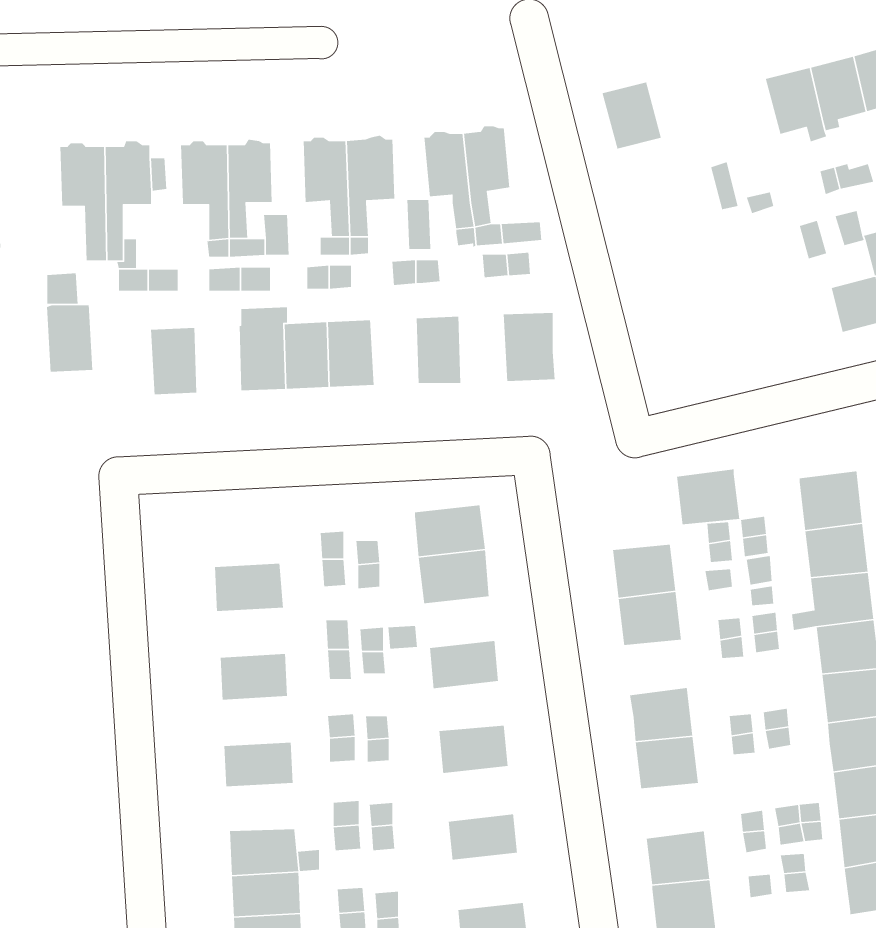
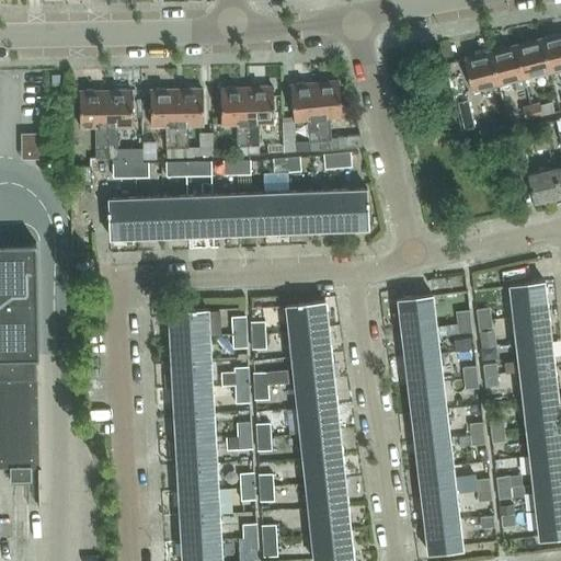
building: [602,82,662,149] -> [463,54,499,93]
building: [46,305,93,372] -> [107,199,135,239]
building: none -> [312,191,340,231]
building: none -> [261,193,288,232]
building: none -> [159,197,185,237]
building: [676,469,740,525] -> [398,295,435,328]
building: none -> [169,310,208,337]
building: none -> [291,355,333,385]
building: none -> [171,362,211,390]
building: none -> [408,380,445,412]
building: none -> [297,404,339,433]
building: none -> [174,413,215,442]
building: none -> [302,454,344,485]
building: none -> [176,463,217,491]
building: none -> [417,463,455,495]
building: none -> [308,504,350,537]

